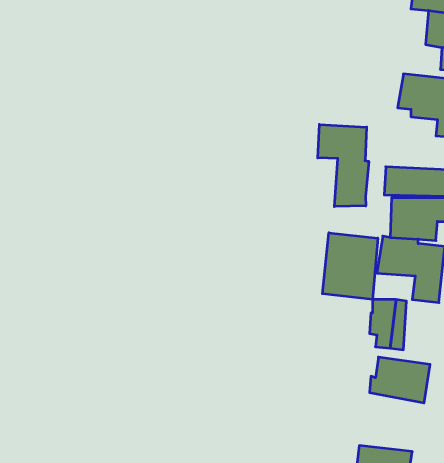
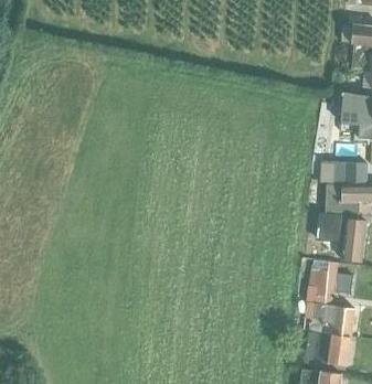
building: [318,124,369,207] -> none
building: [322,233,378,300] -> none
building: none -> [306,330,350,369]

